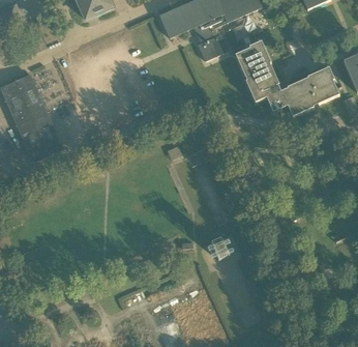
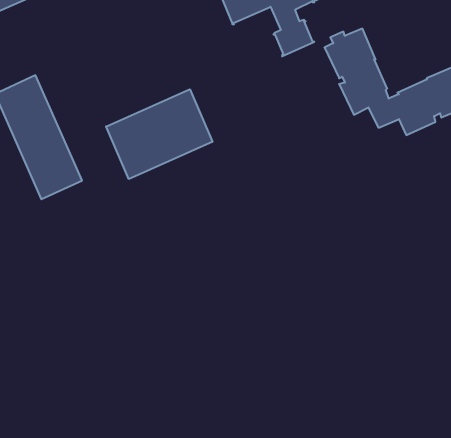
building: none -> [106,89,212,179]

